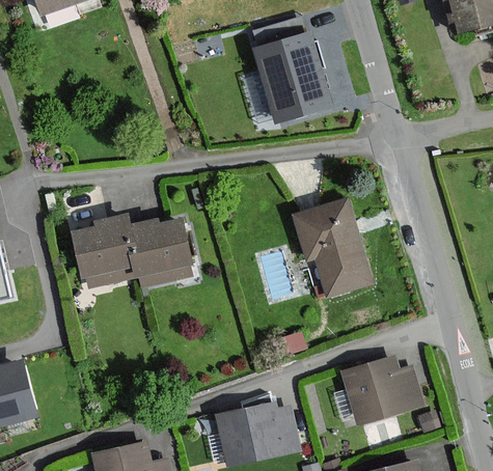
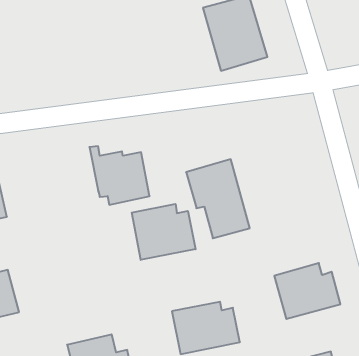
building: [293,200,369,296] -> [186,159,250,238]
building: [71,216,130,284] -> none
building: none -> [132,204,196,260]

